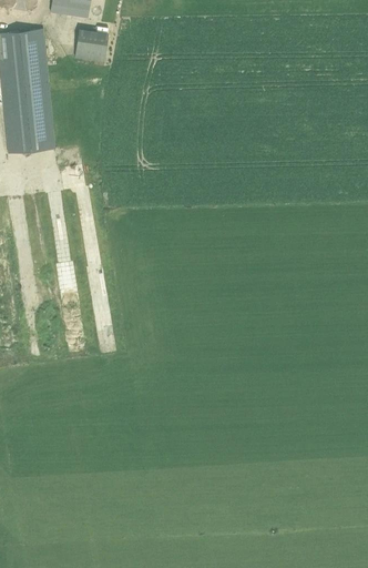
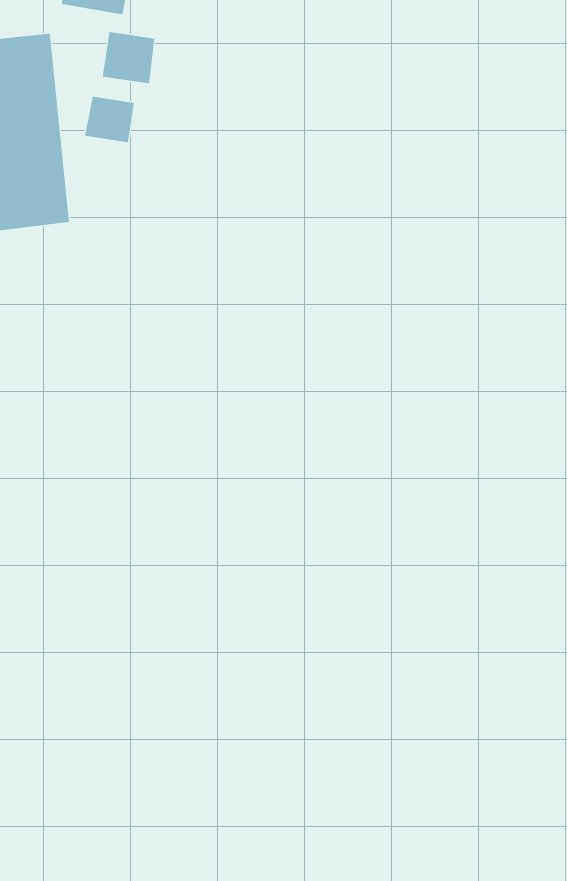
building: none -> [84,96,135,143]

